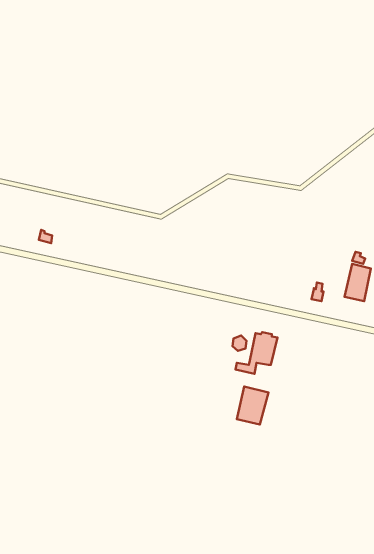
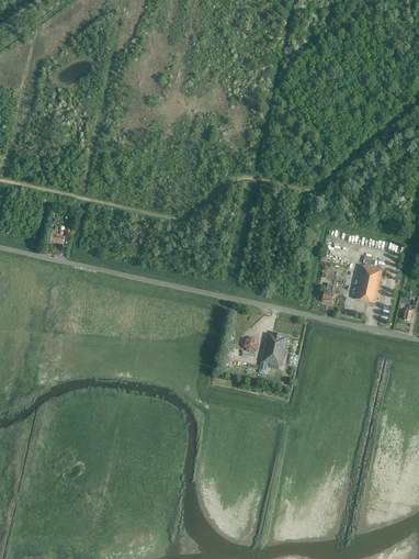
building: [237,387,269,425] -> none

